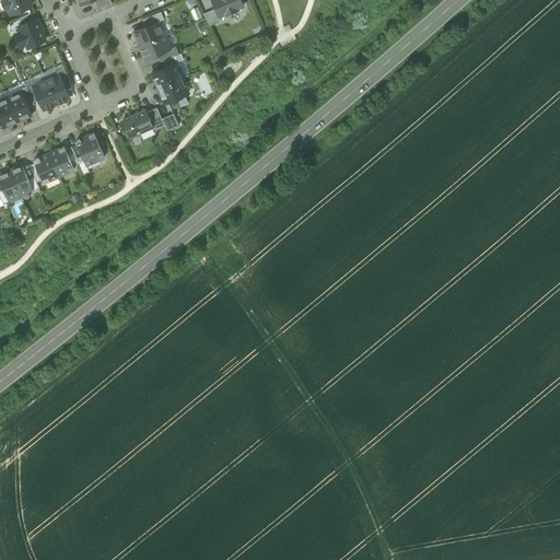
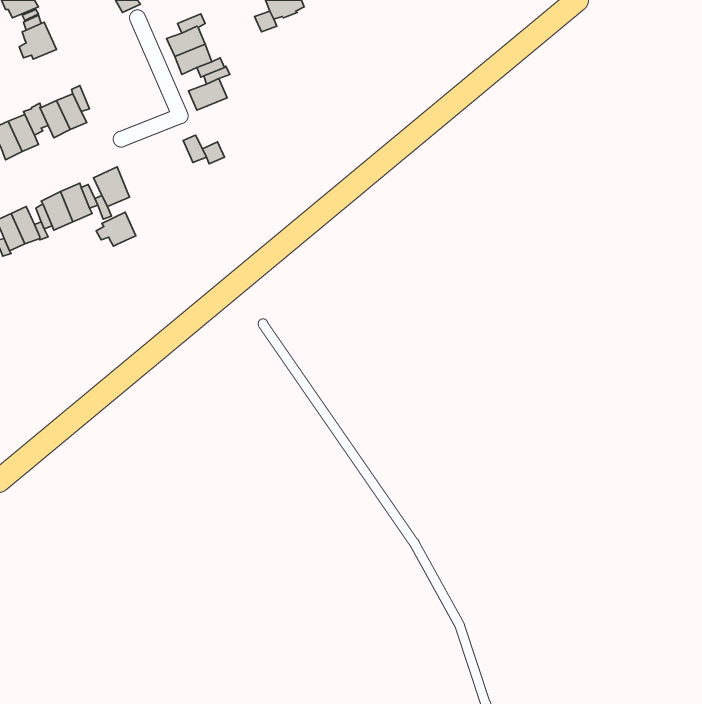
building: [156,78,187,103] -> none
building: [120,109,152,137] -> none
building: none -> [96,212,136,246]

